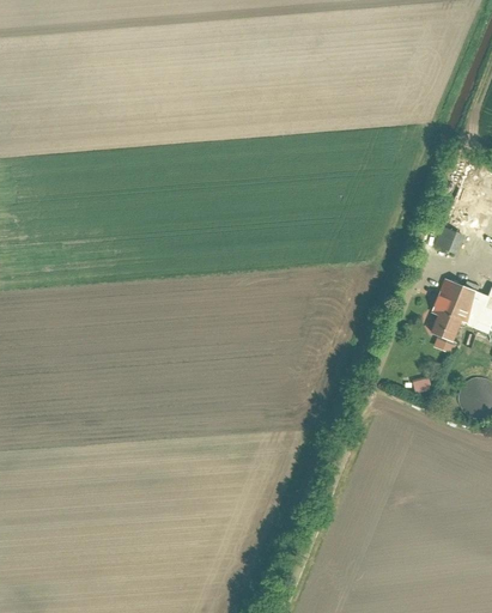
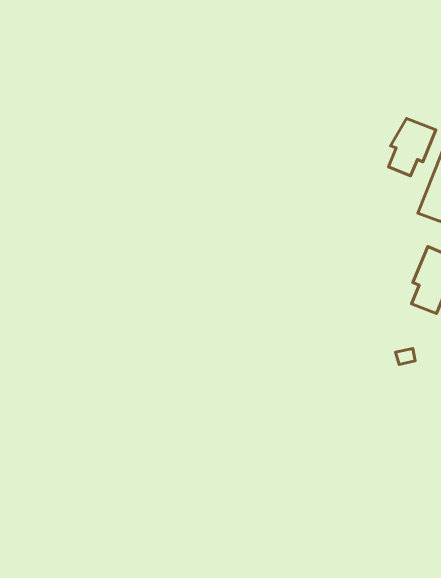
building: none -> [389,118,436,176]

